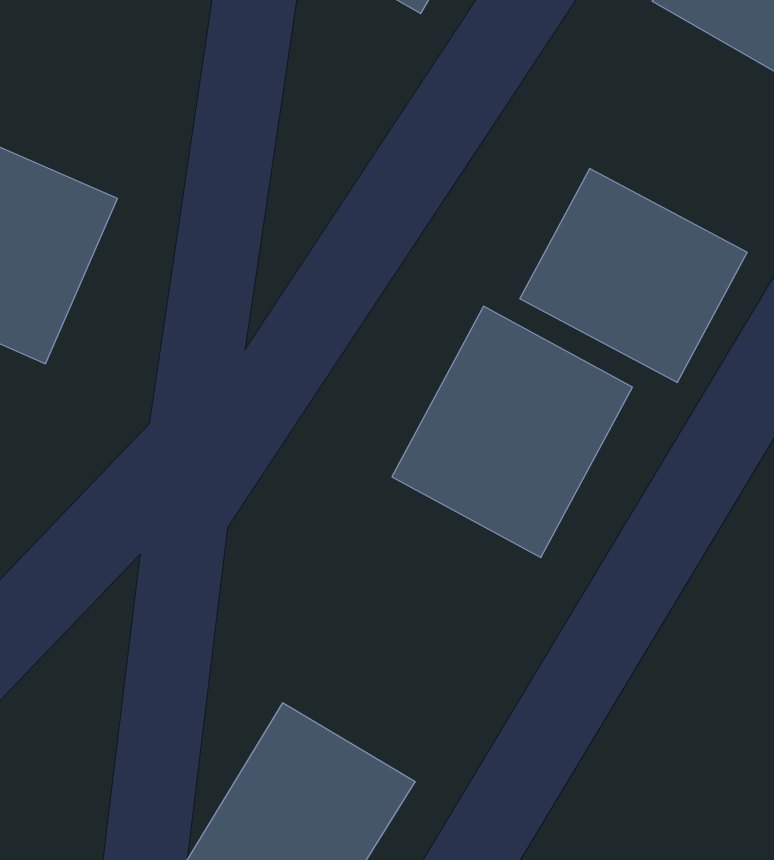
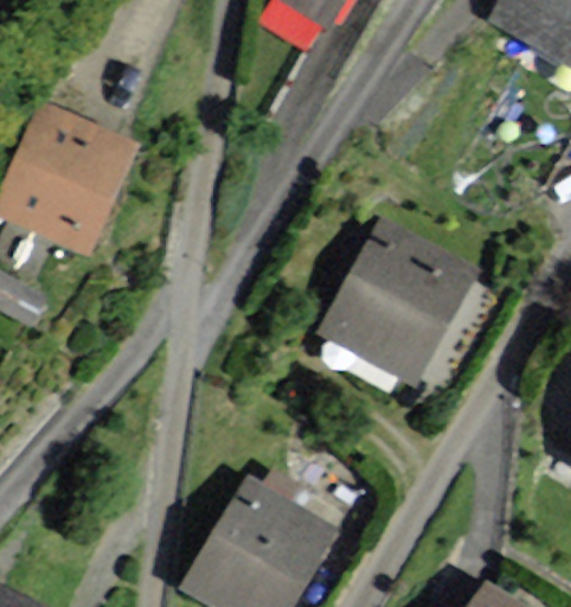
building: [520,168,747,383] -> none

